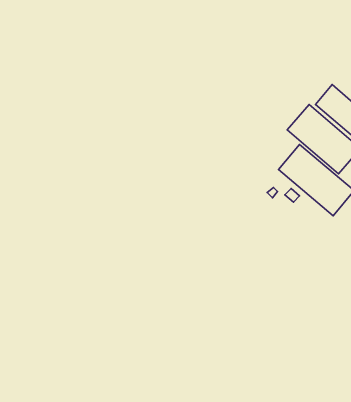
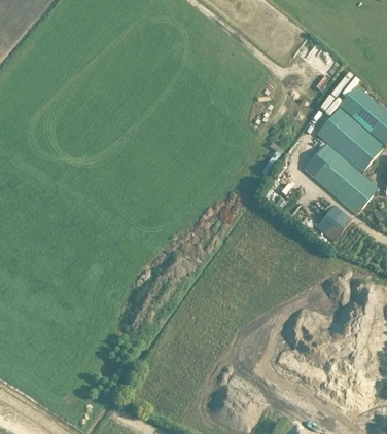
building: none -> [316,205,351,242]

